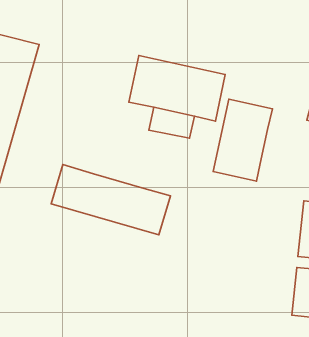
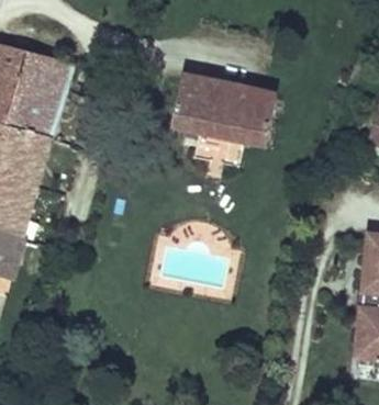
building: [213,99,272,181] -> none
building: [51,165,170,235] -> none

